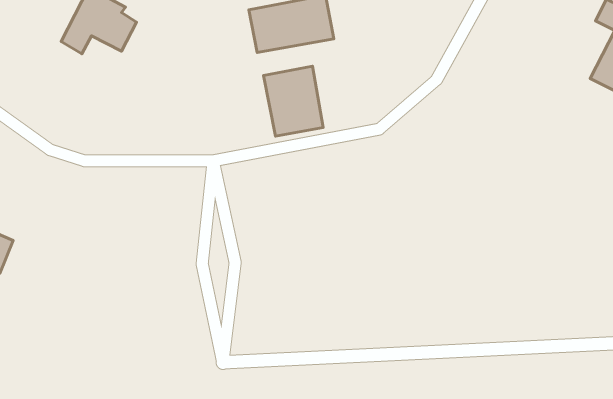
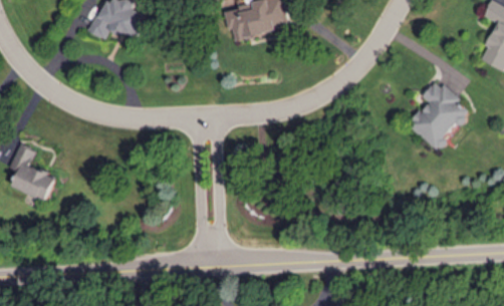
building: [263,66,323,136] -> none
building: none -> [408,79,469,151]

